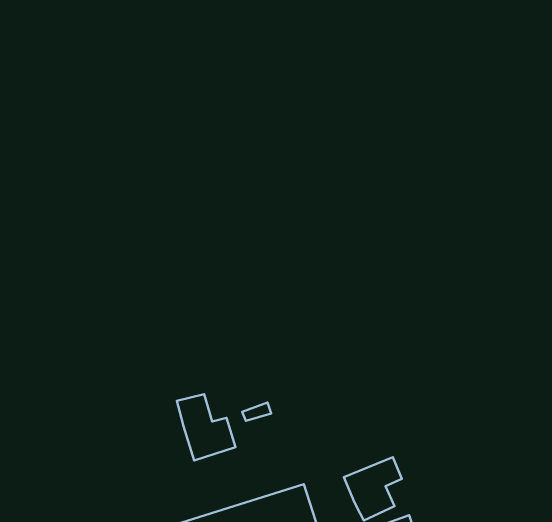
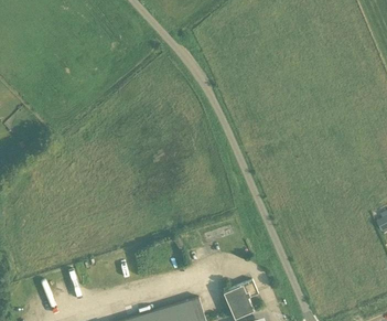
building: [177,394,235,460] -> none

